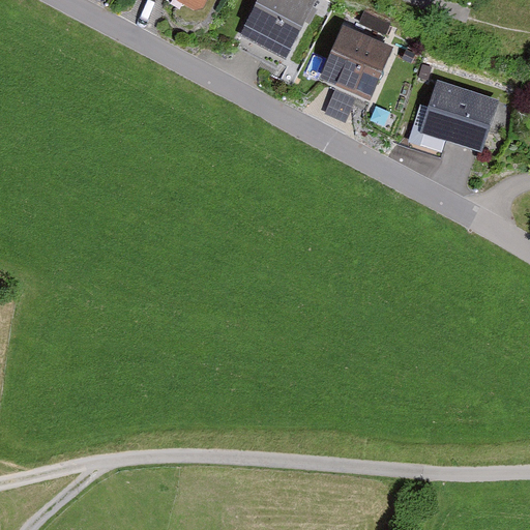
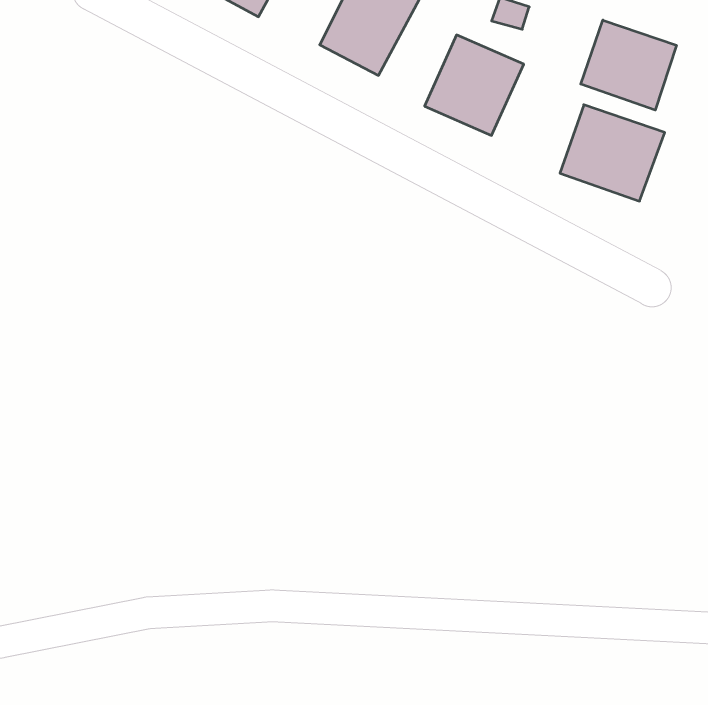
building: none -> [581,20,676,110]

